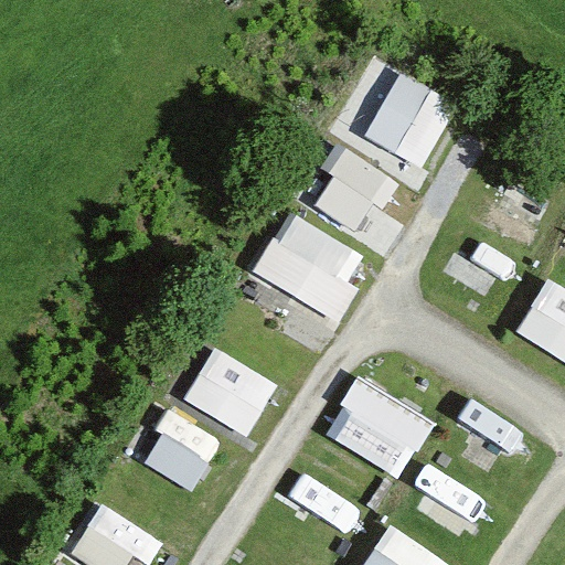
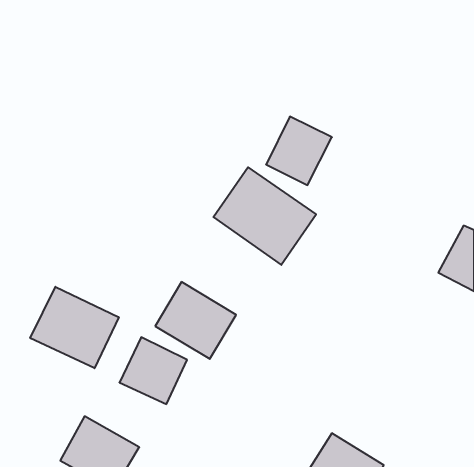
building: [363,73,457,168] -> none
building: none -> [30,287,119,368]
building: [324,379,435,479] -> none

